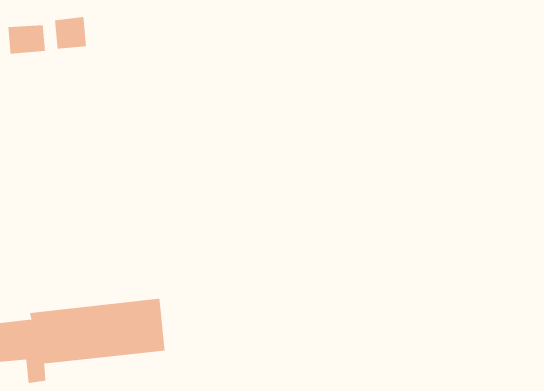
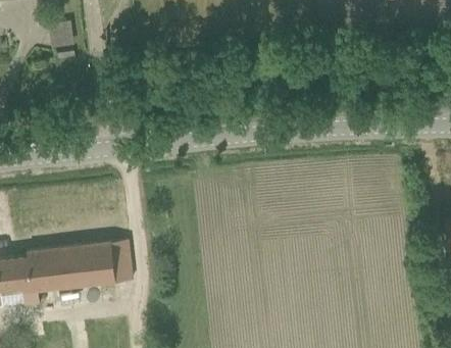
building: [8,25,46,54] -> none

